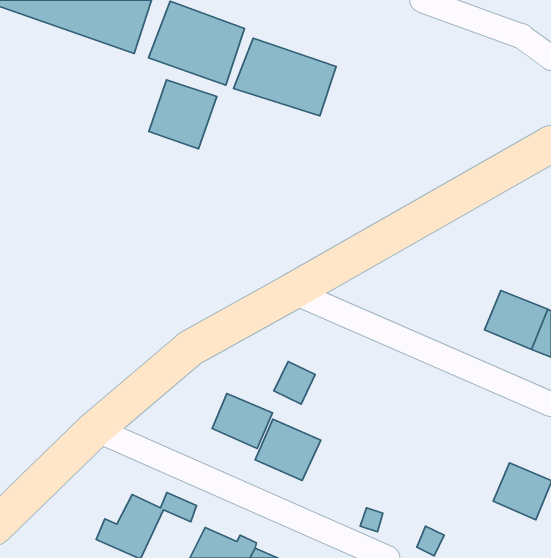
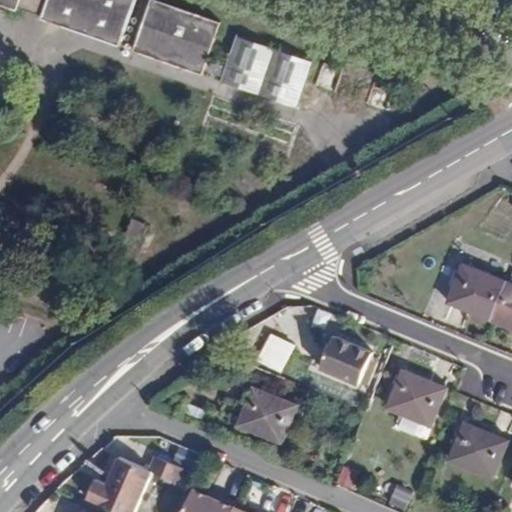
building: [149,80,217,149] -> none
building: none -> [319,336,370,384]
building: [212,393,272,448] -> none
building: none -> [386,369,445,423]

